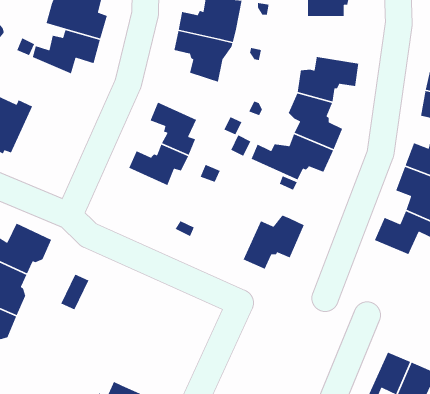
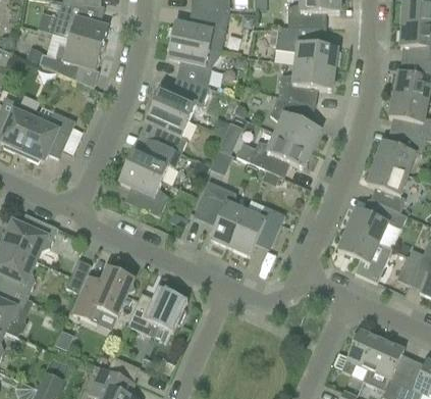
building: none -> [275,27,337,68]
building: none -> [153,78,210,119]
building: none -> [21,105,75,161]
building: none -> [119,163,168,216]
building: none -> [194,180,246,246]
building: none -> [337,229,392,282]
building: none -> [72,266,133,322]
building: none -> [127,286,187,340]

